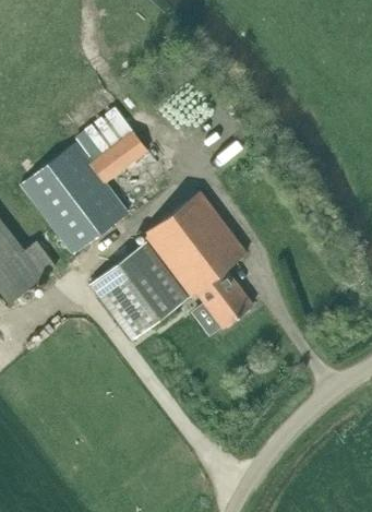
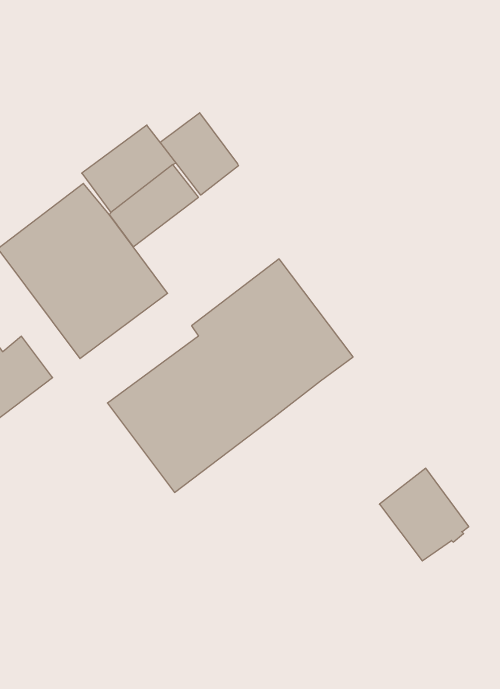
building: none -> [160,113,238,195]
building: [195,270,252,329] -> [379,468,469,561]

